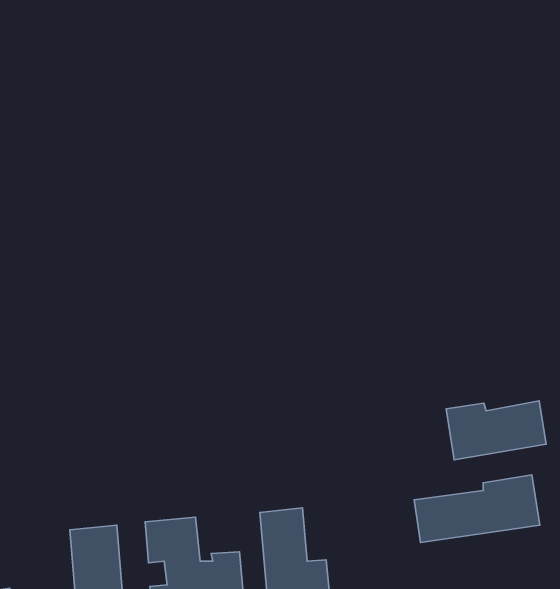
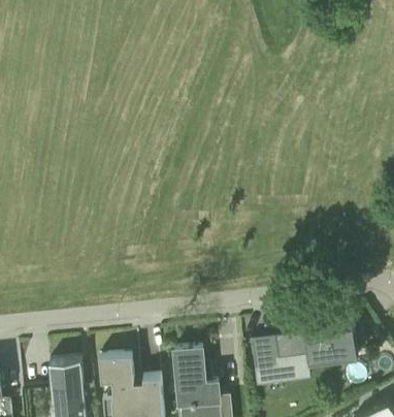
building: [446,401,546,460] -> none
building: none -> [251,339,280,372]

